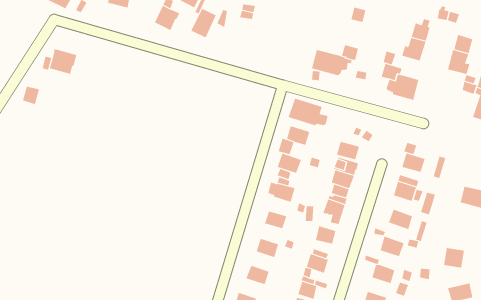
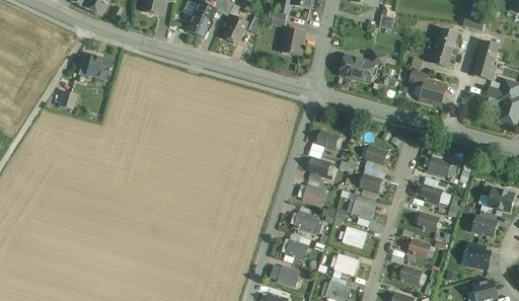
building: none -> [281,29,303,54]
building: [288,98,328,126] -> none
building: none -> [470,215,497,237]

